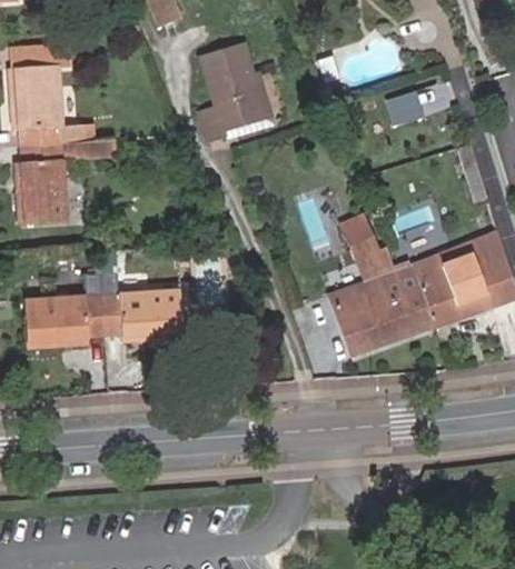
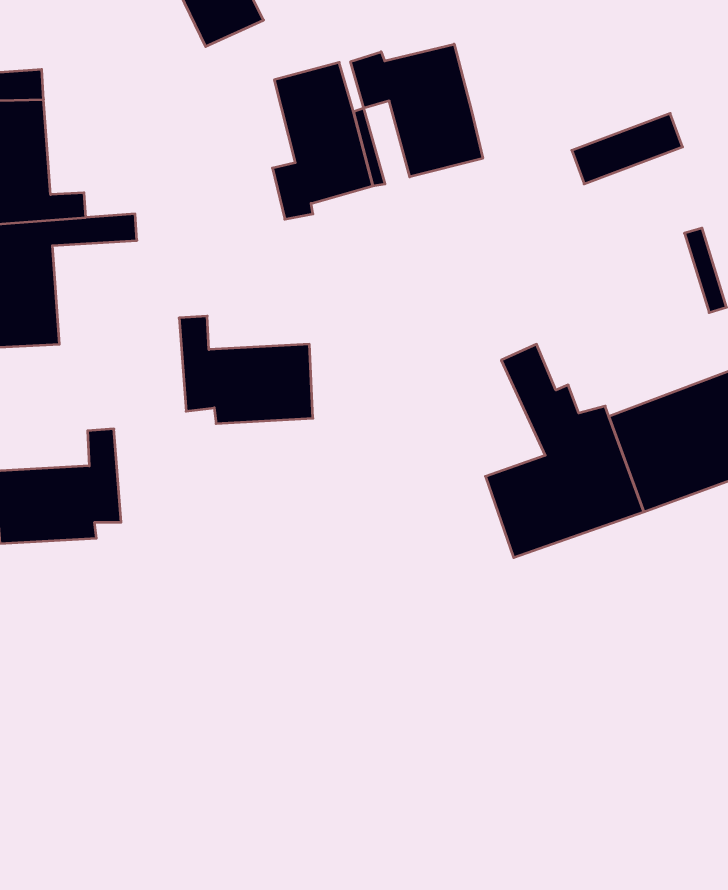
building: none -> [351,44,483,177]
building: [100,272,185,340] -> [179,316,313,424]

